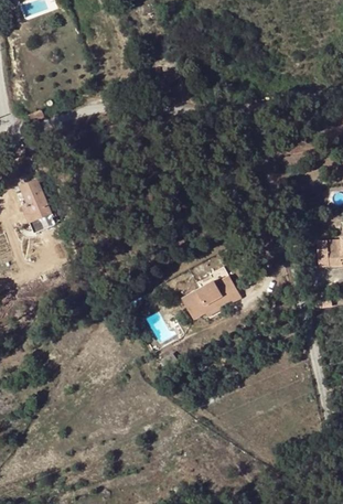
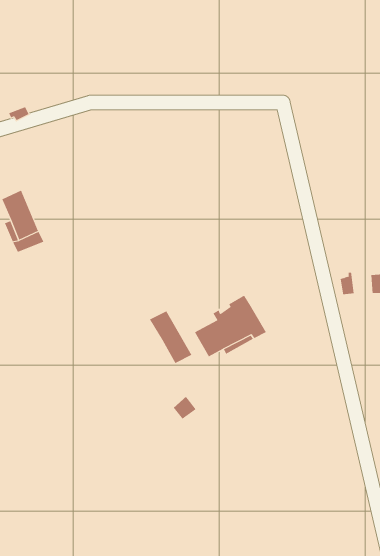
building: none -> [149,310,192,364]

